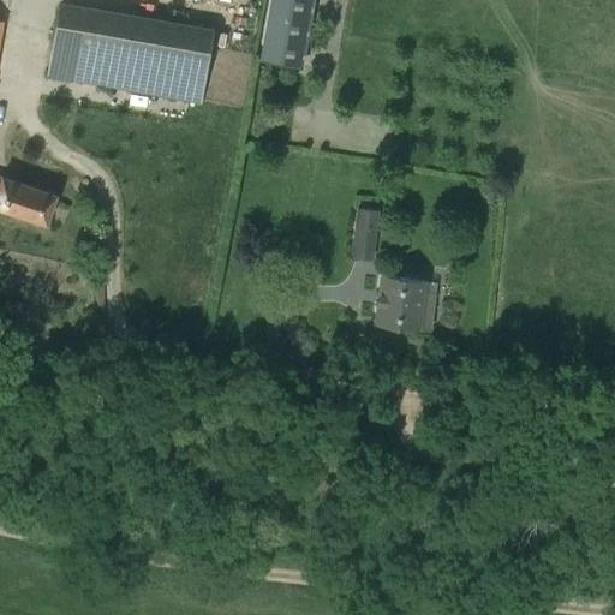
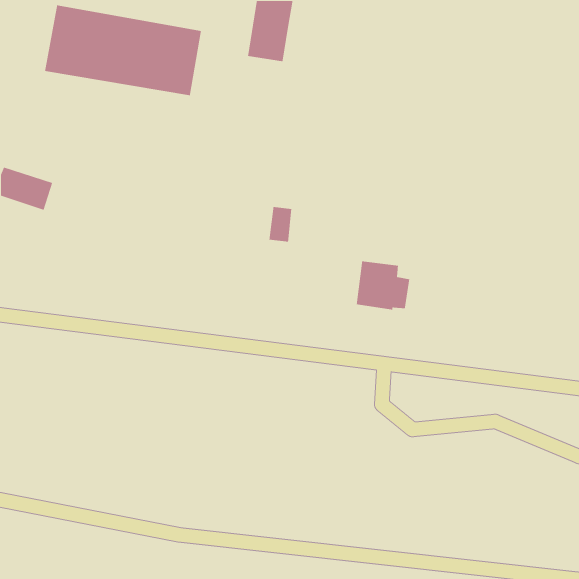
building: [353,208,378,246] -> [268,206,292,242]

